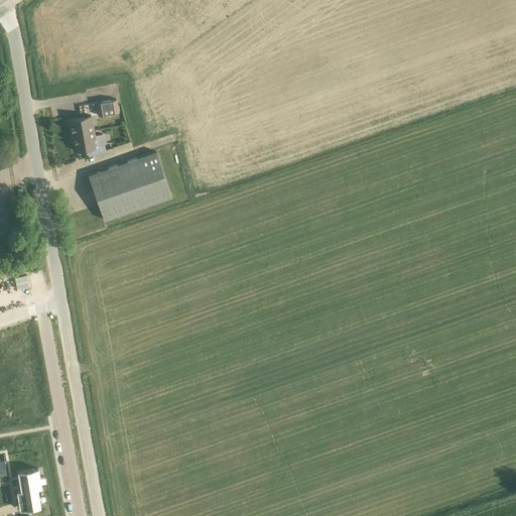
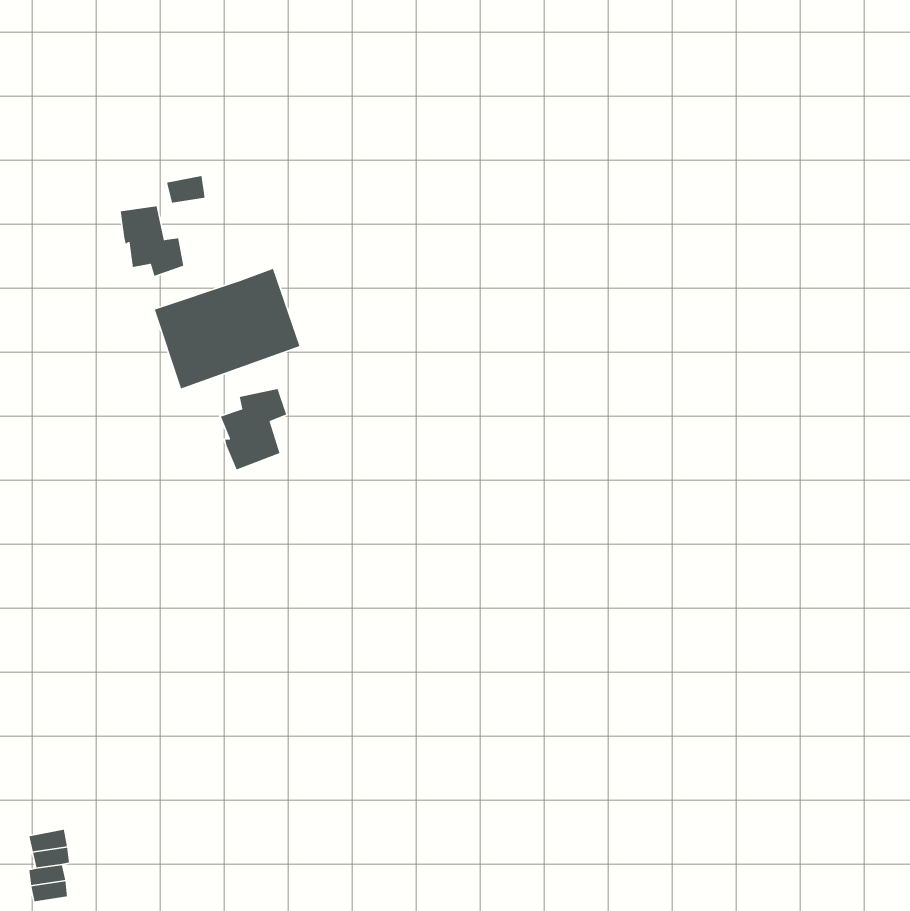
building: none -> [220,388,287,470]

